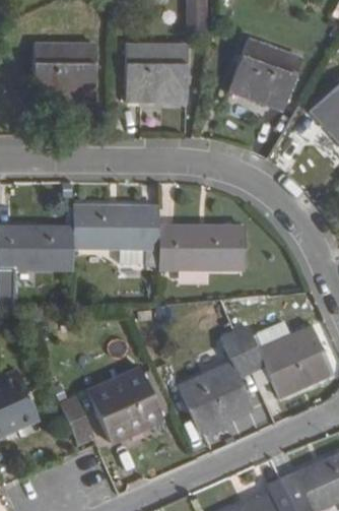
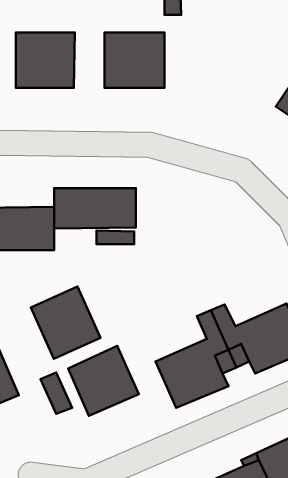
building: [229,41,301,111] -> none
building: [158,226,243,270] -> none
building: none -> [31,286,101,359]

